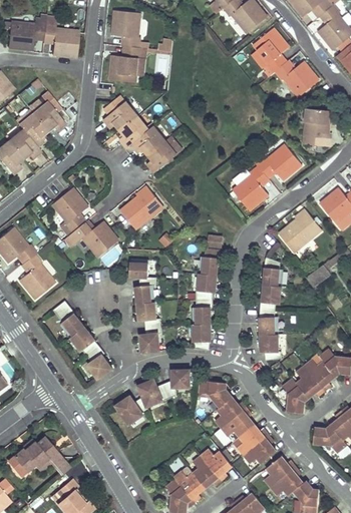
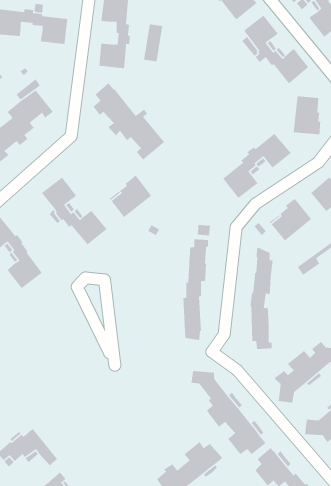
building: [129,260,161,353] -> none
building: [53,301,112,380] -> none
building: [115,370,190,425] -> none

